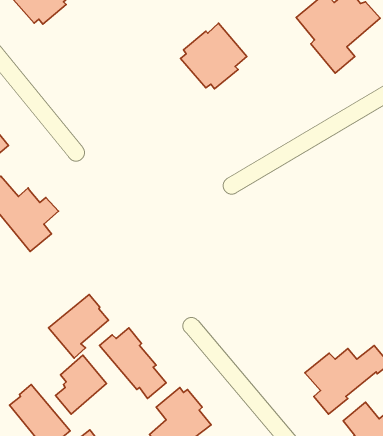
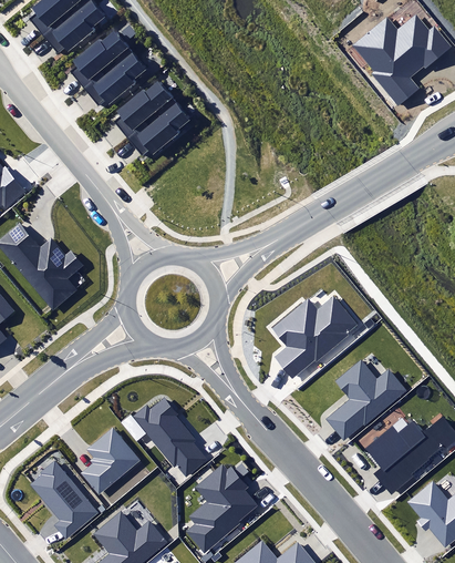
building: none -> [70,31,145,105]
building: [180,23,247,89] -> [114,82,189,156]
building: none -> [272,296,358,379]
building: none -> [327,356,409,440]
building: [49,295,108,358] -> none

